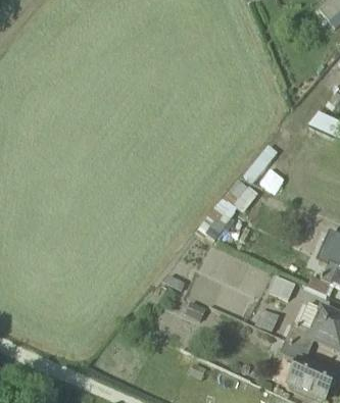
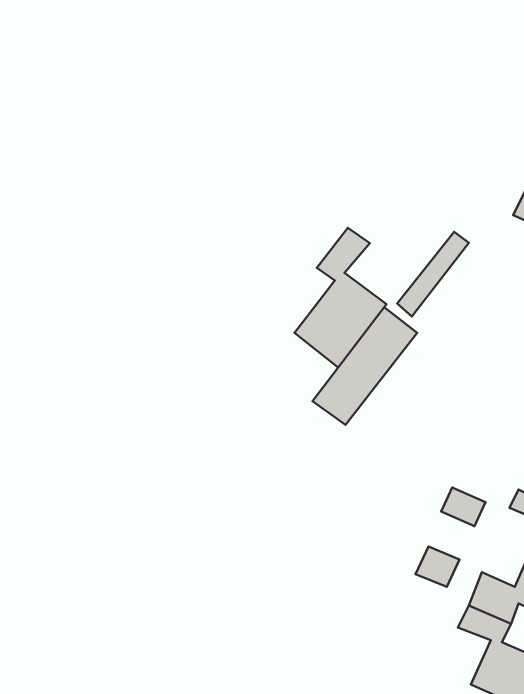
building: none -> [294,228,386,367]

